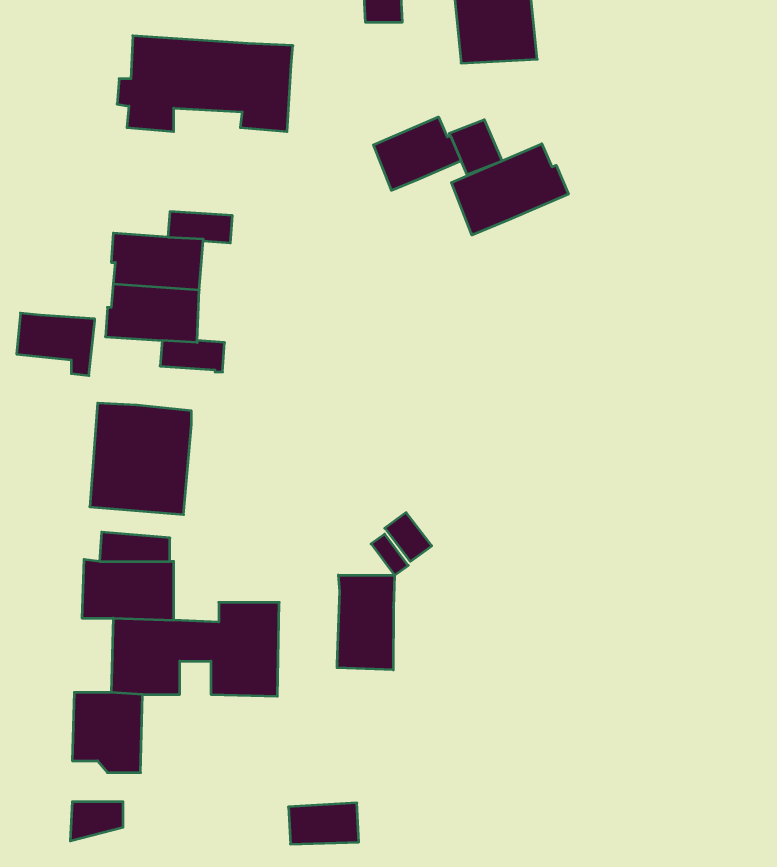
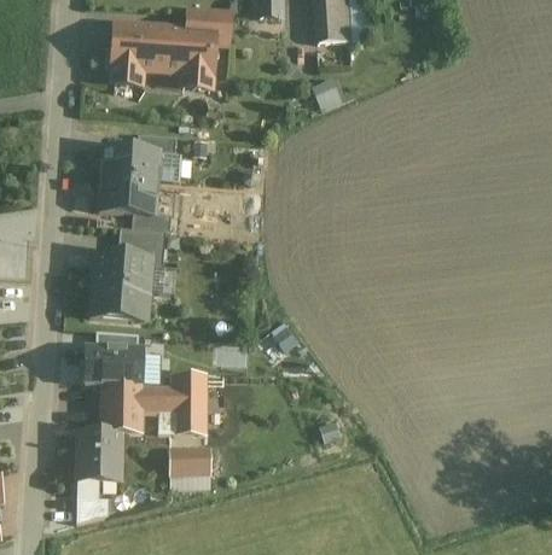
building: none -> [186,10,231,43]
building: [373,117,461,190] -> none
building: [451,144,568,235] -> none
building: [17,313,95,376] -> [117,227,165,265]
building: [337,575,395,670] -> none
building: [288,803,359,844] -> [173,446,216,472]

